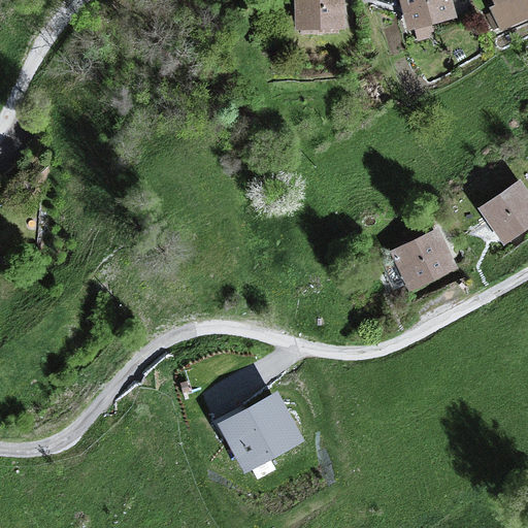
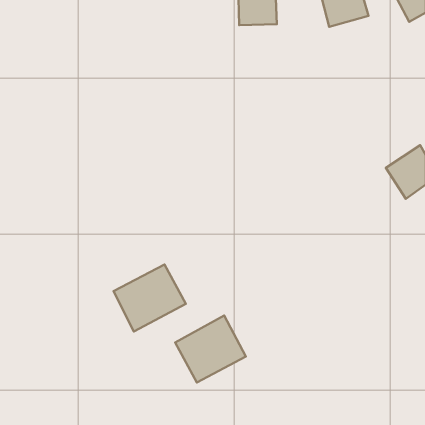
building: [389,229,456,292] -> none
building: none -> [113,264,186,331]

